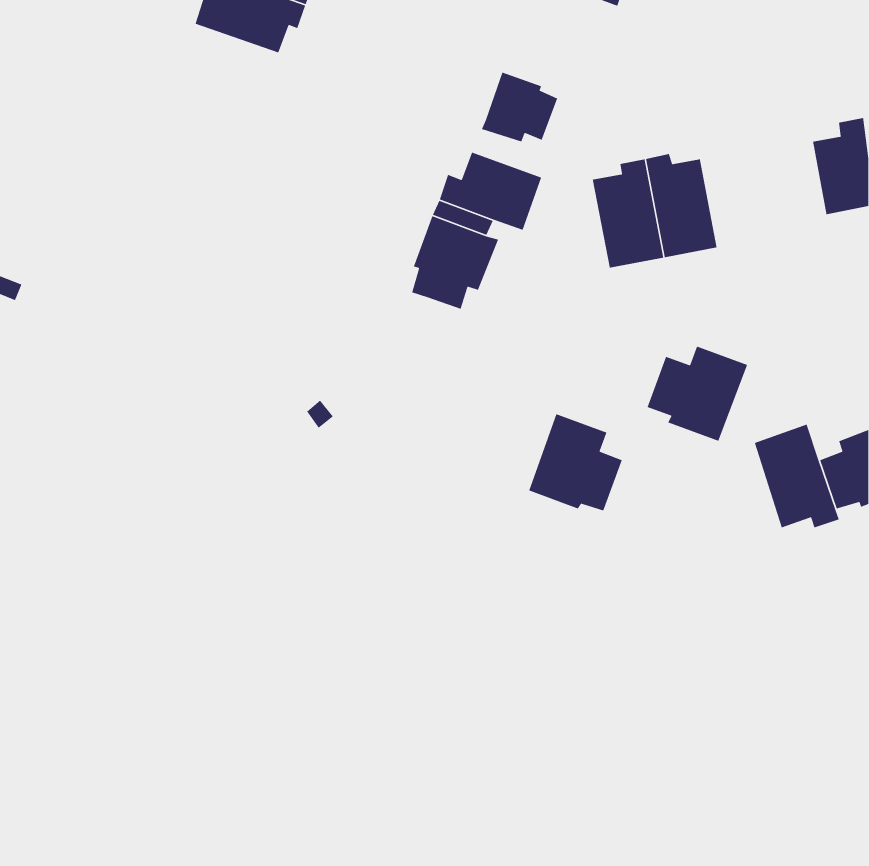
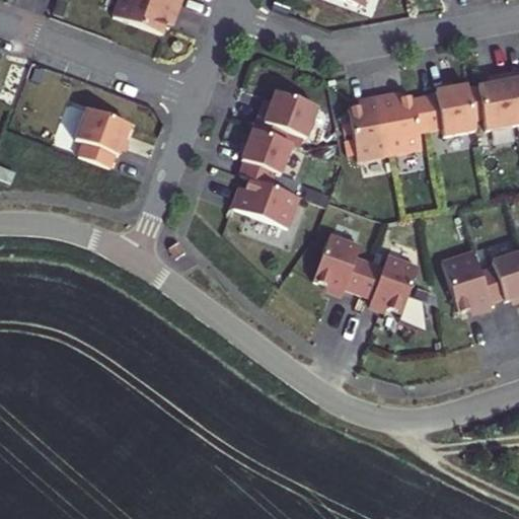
building: [481,72,558,143] -> none
building: none -> [432,82,476,132]
building: none -> [78,106,132,165]
building: none -> [234,175,301,225]
building: [647,345,748,442] -> [356,265,416,321]

